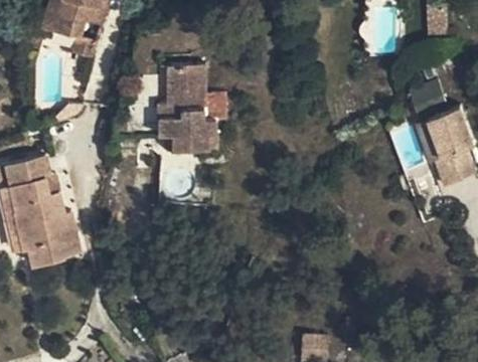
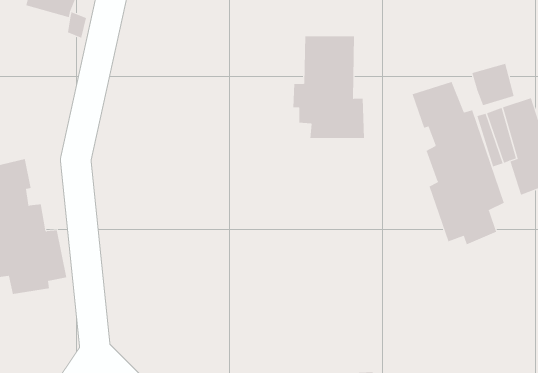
building: [156,65,215,150] -> [292,36,365,139]
building: none -> [412,81,505,245]

